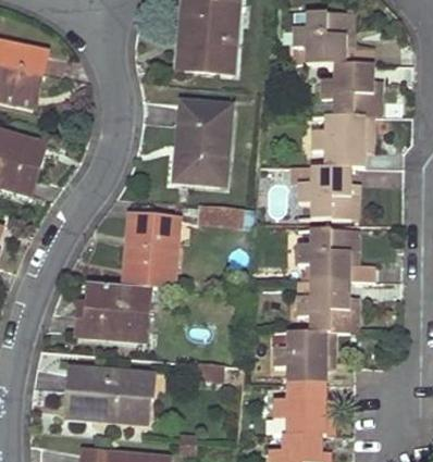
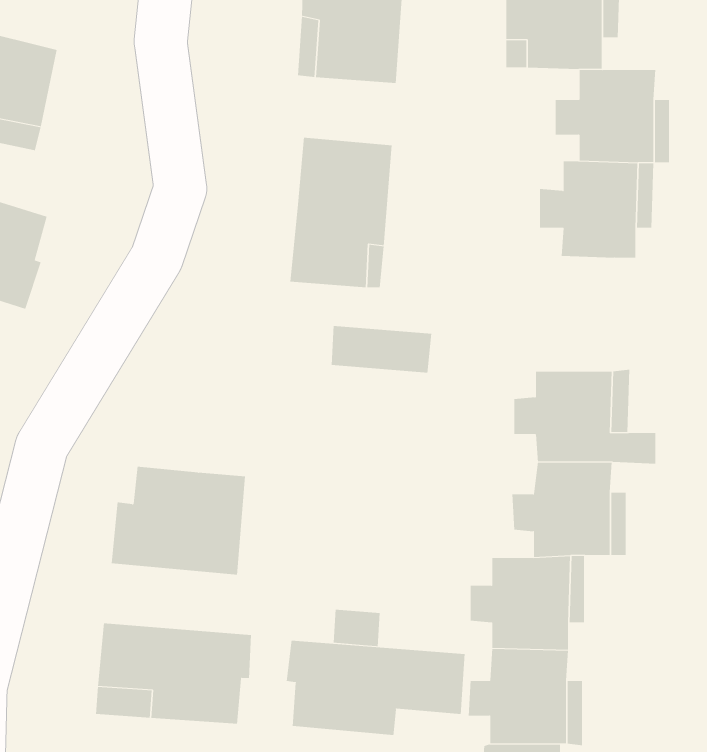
building: [292,166,361,218] -> none
building: [124,214,177,289] -> none
building: none -> [286,640,465,736]

